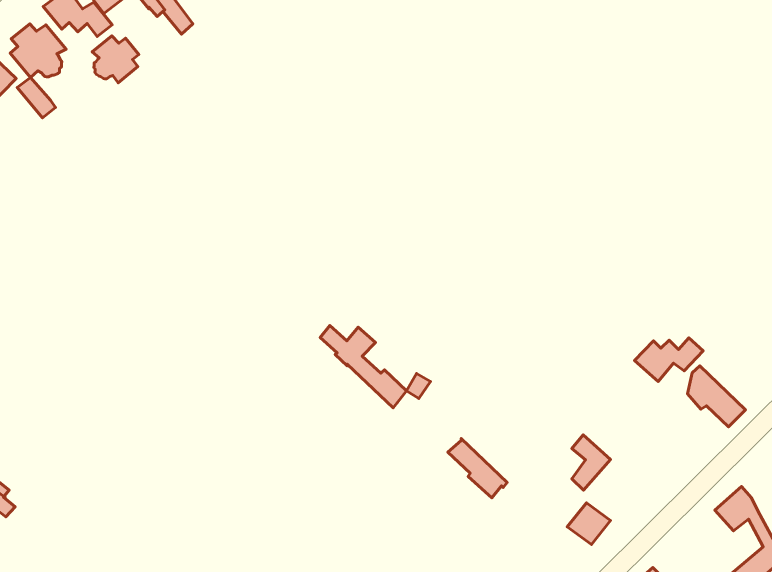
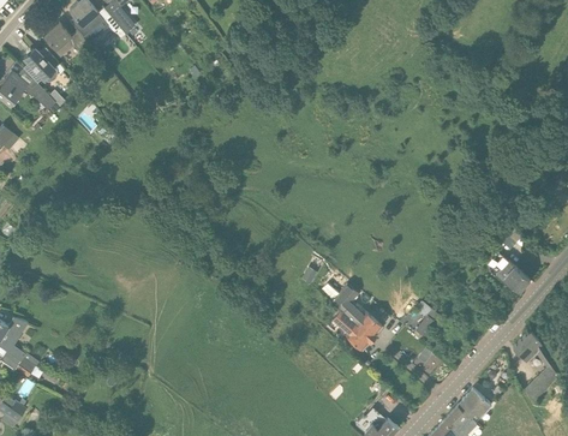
building: [92,36,139,83] -> none
building: [320,326,407,408] -> [321,285,381,338]
building: [635,338,703,381] -> none

